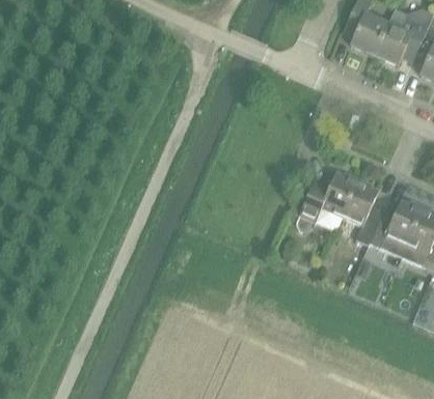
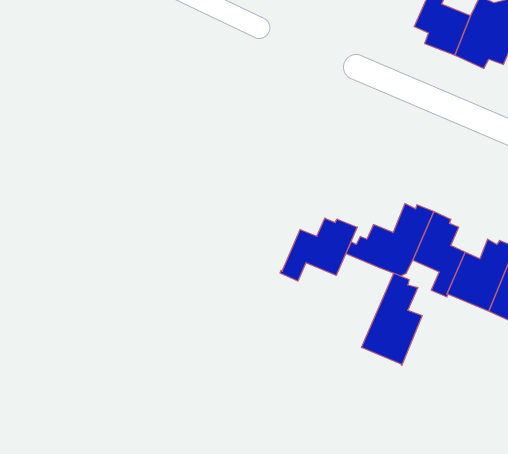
building: none -> [280,218,357,281]
building: none -> [362,273,422,365]

